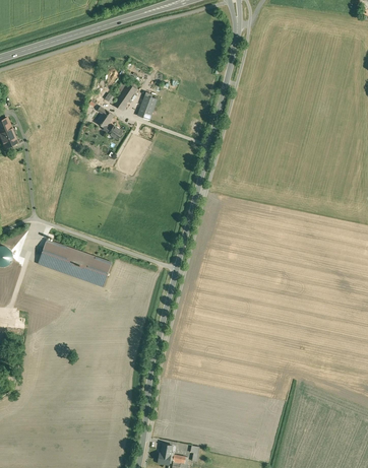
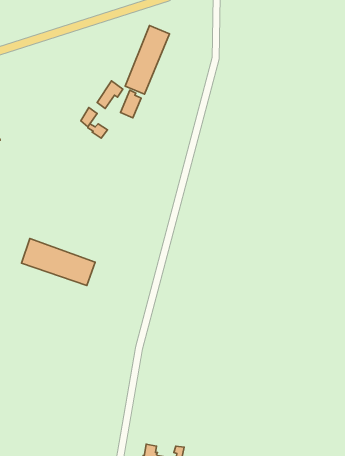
building: none -> [125,25,169,94]

